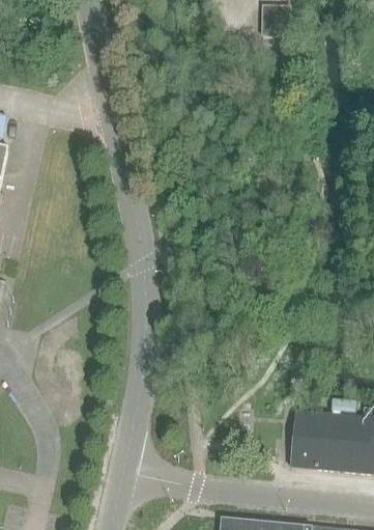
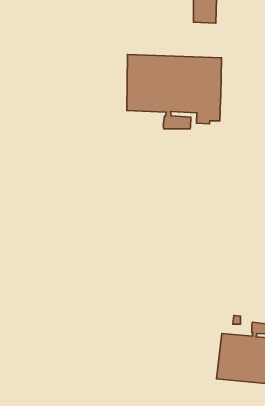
building: none -> [127,54,222,129]

